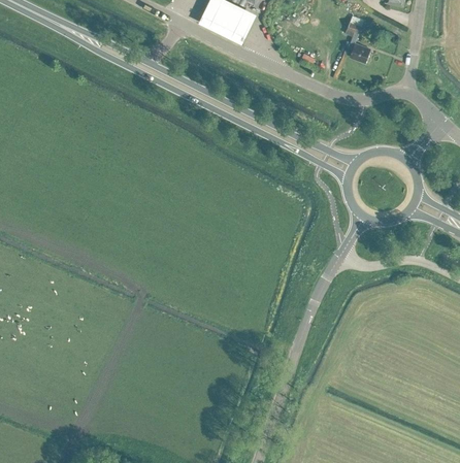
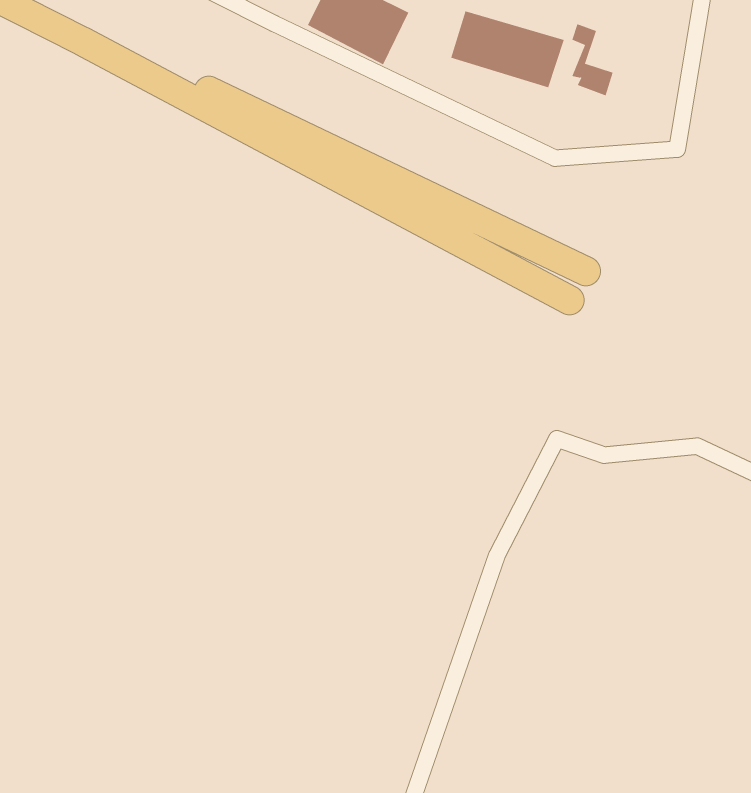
building: none -> [451,11,564,88]

